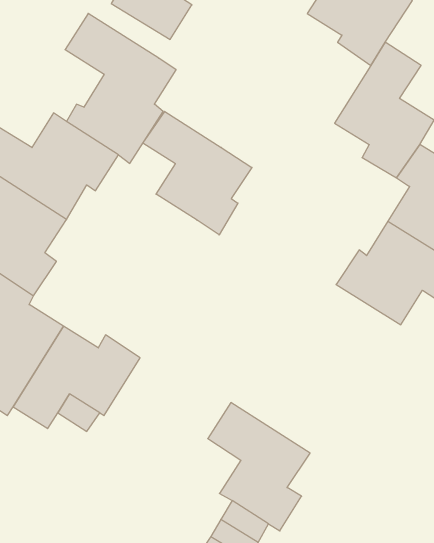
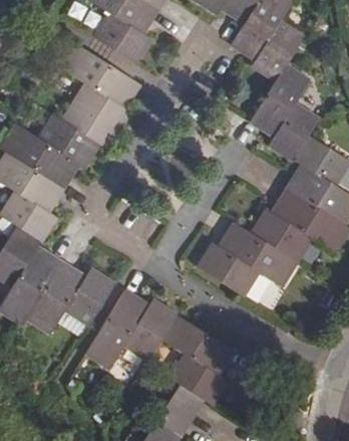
building: [143,111,252,235] -> none
building: none -> [198,222,296,295]
building: none -> [85,290,178,369]

